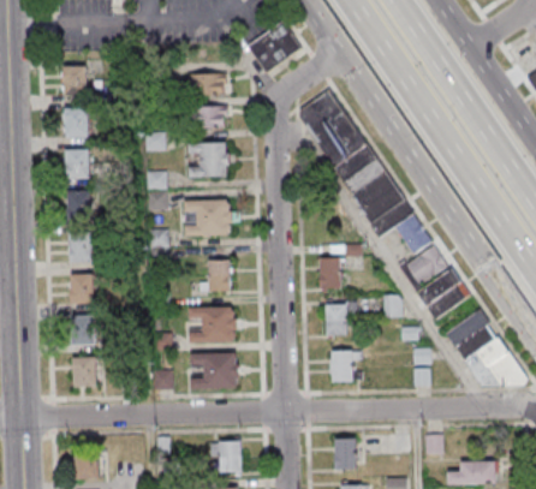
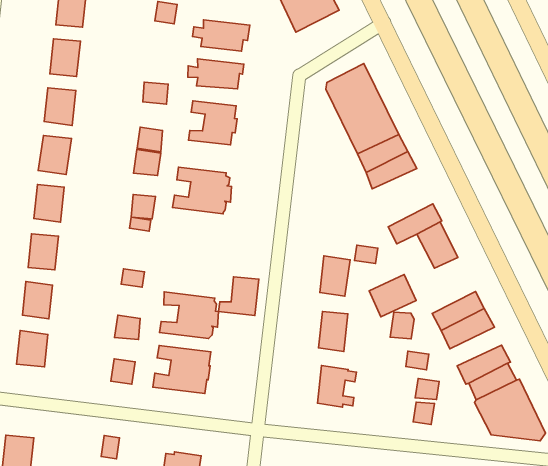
building: [351,172,404,222] -> none
building: [406,246,447,285] -> [369,275,416,317]
building: [199,260,231,292] -> [218,277,259,316]

